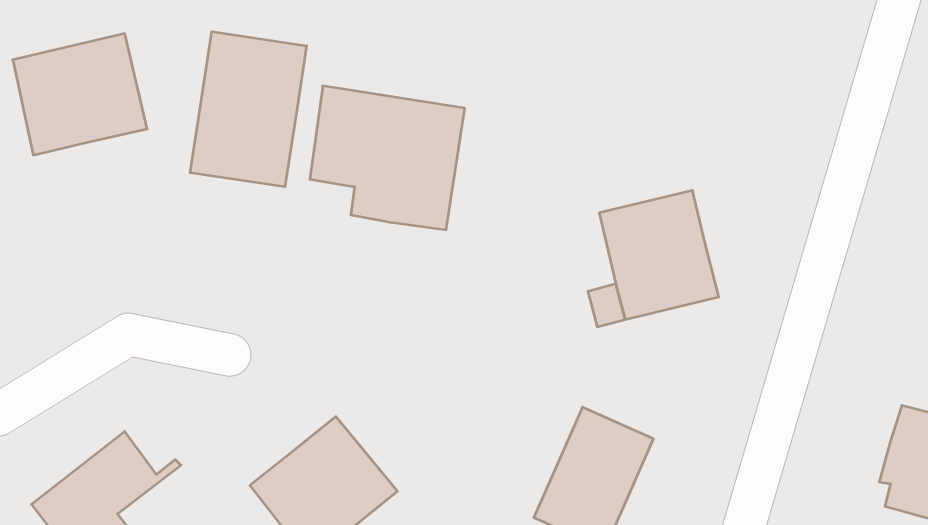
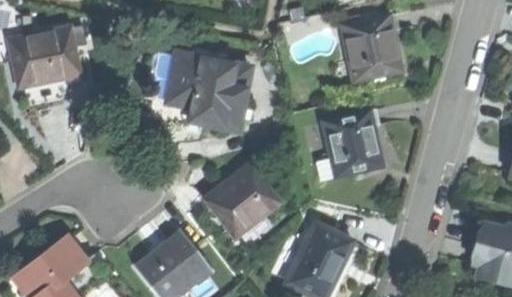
building: none -> [342,14,403,82]
building: [190,32,307,187] -> none
building: none -> [204,162,280,237]

